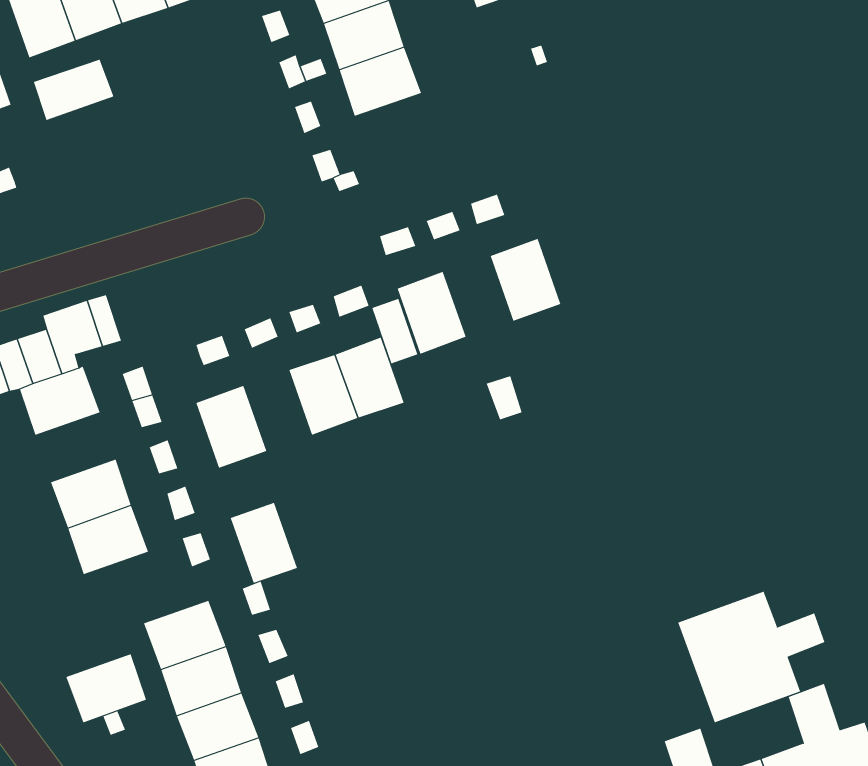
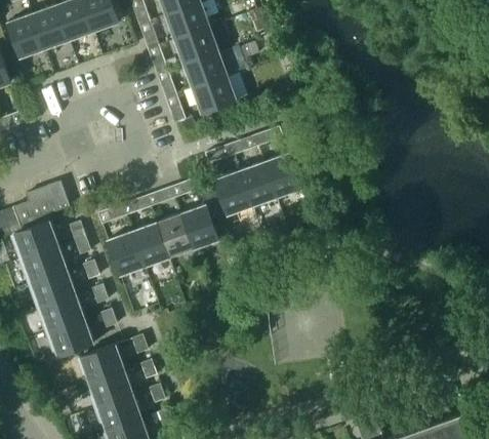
building: [33,59,114,121] -> none
building: none -> [192,77,237,115]
building: none -> [239,163,276,206]
building: none -> [23,246,66,283]
building: [230,502,298,584] -> [133,224,169,267]
building: [677,591,825,723] -> none
building: [65,653,147,723] -> [48,320,91,357]

